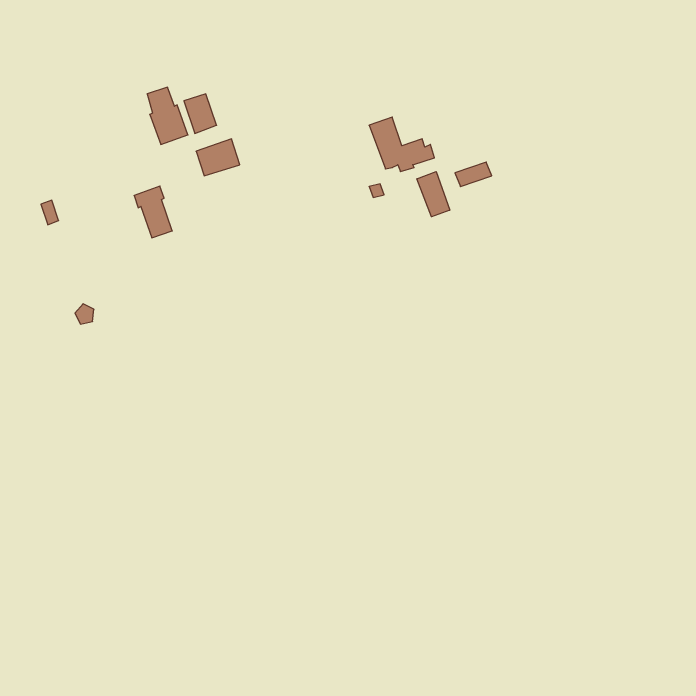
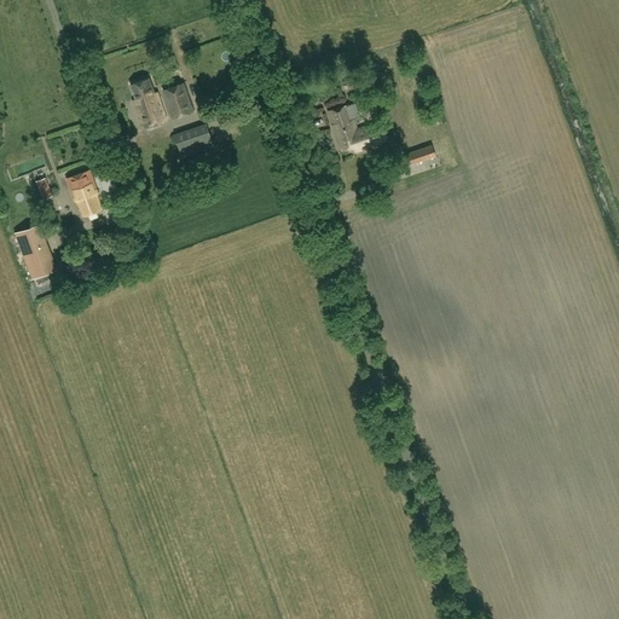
building: [417,172,450,217] -> none
building: [134,186,172,238] -> [68,170,102,216]
building: none -> [15,224,57,279]

